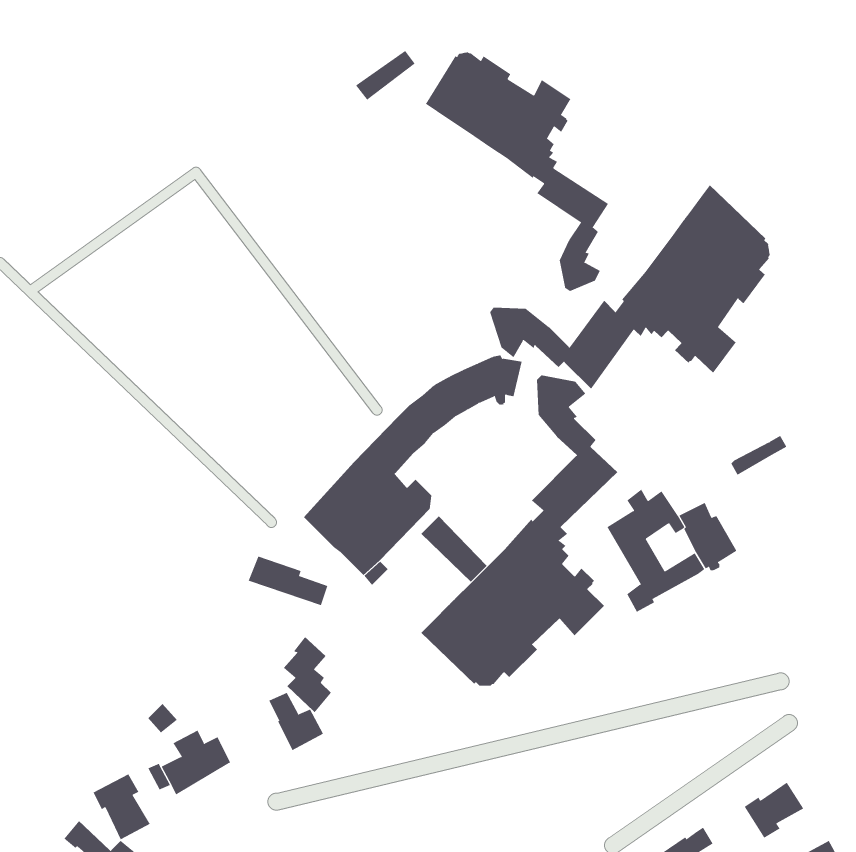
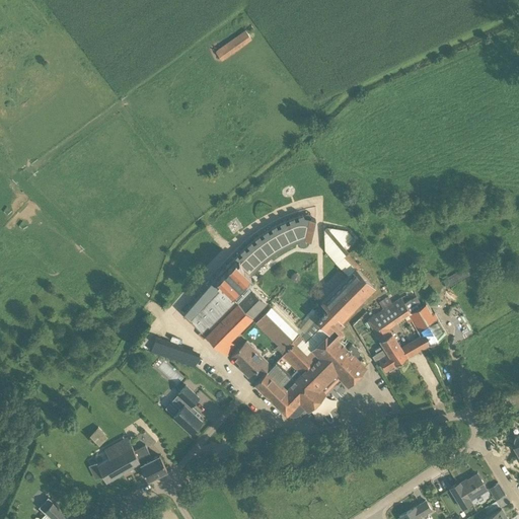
building: [425,51,609,292] -> none
building: [490,184,770,389] -> none
building: none -> [231,344,272,379]
building: [269,692,324,751] -> [134,447,167,483]
building: [93,773,151,840] -> none

